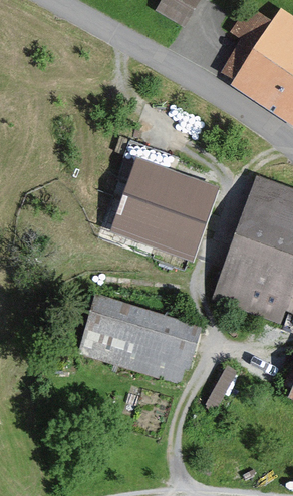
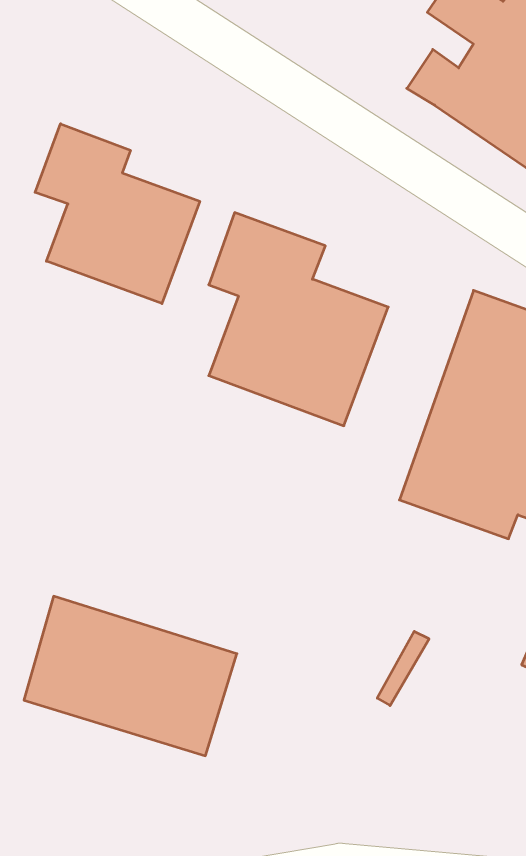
building: none -> [35,124,200,304]
building: [80,297,196,383] -> [24,596,237,756]

